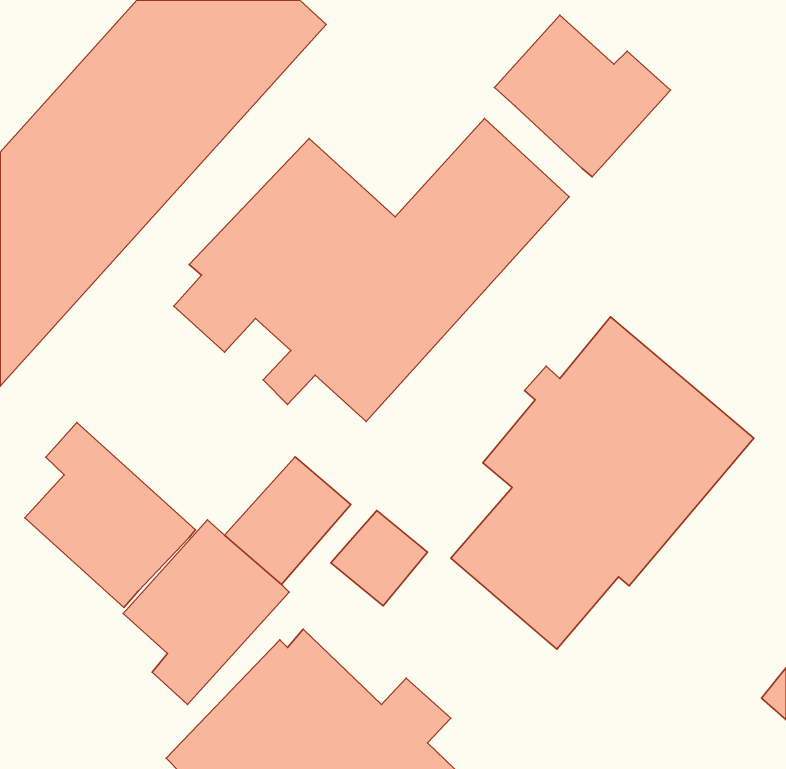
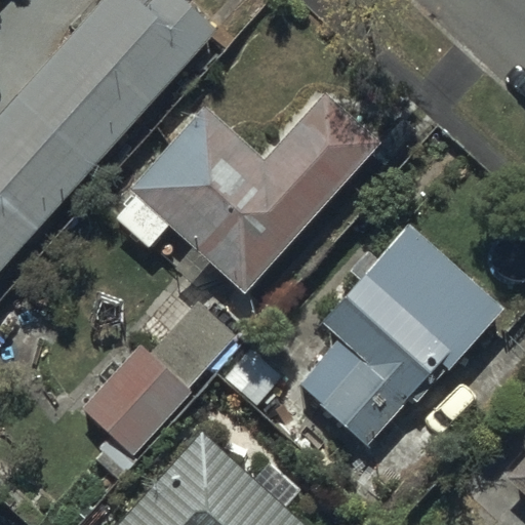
building: [494,15,671,177] -> none
building: [25,422,196,607] -> none

